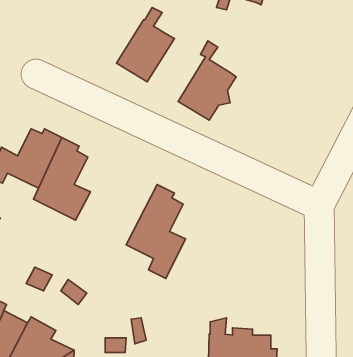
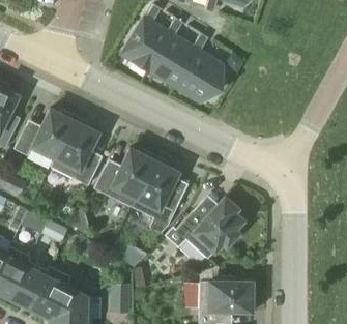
building: none -> [147,20,196,86]
building: none -> [93,148,155,206]
building: none -> [175,197,241,259]

